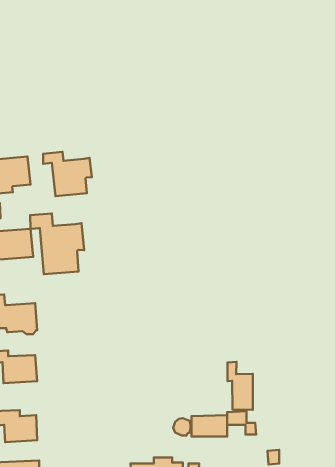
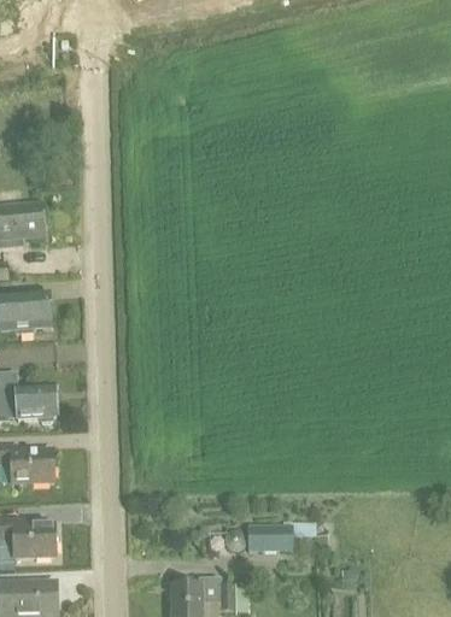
building: [43,152,92,196] -> none
building: [30,214,84,274] -> none
building: [228,362,253,410] -> none

